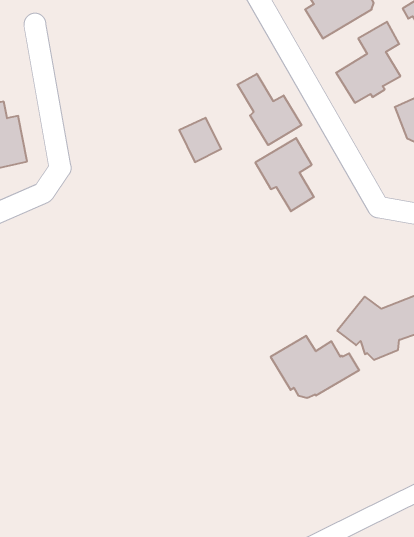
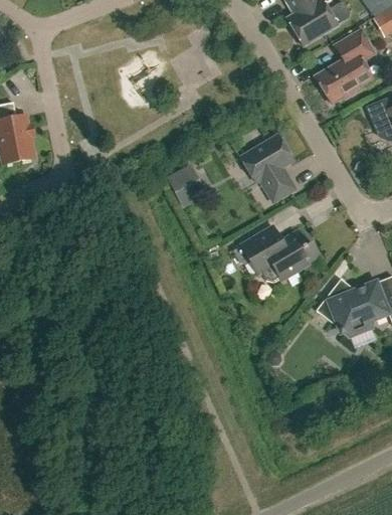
building: [237,74,301,145] -> none
building: [179,118,221,162] -> [171,165,209,205]
building: [271,336,359,398] -> [240,225,321,282]

